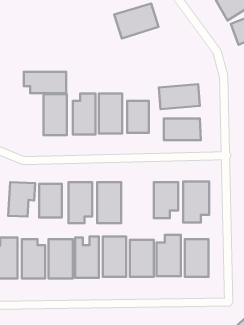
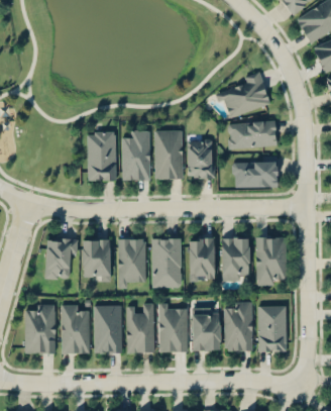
building: [114,3,159,39] -> [216,76,269,118]
building: [24,72,66,93] -> none
building: none -> [188,237,214,280]

